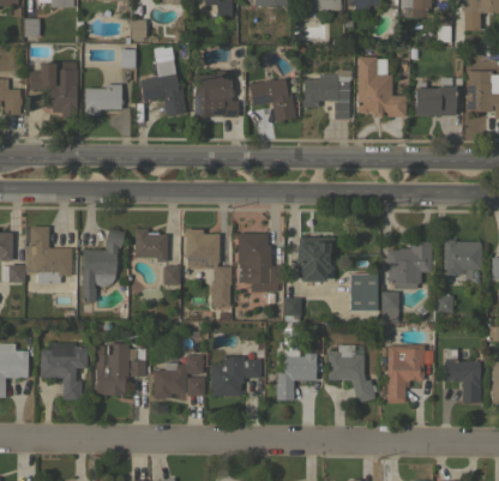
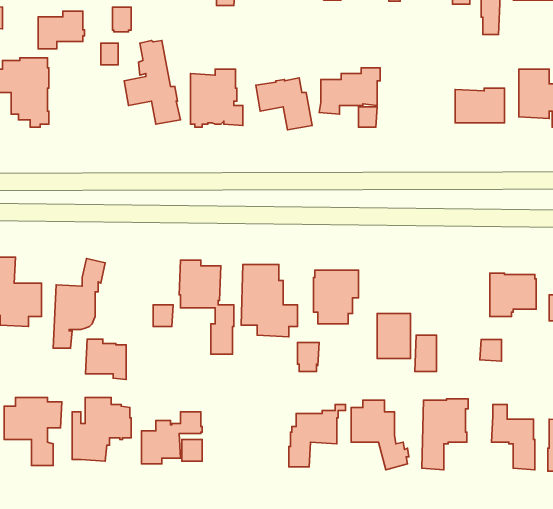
building: [357,56,405,118] -> none
building: [85,84,124,115] -> [38,11,84,49]
building: [134,229,168,263] -> [86,339,126,380]
building: [387,241,432,289] -> none
building: [211,356,261,396] -> none

